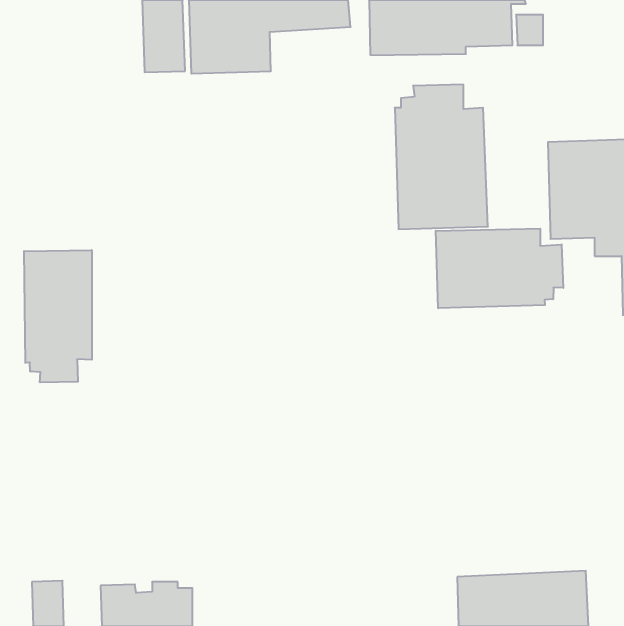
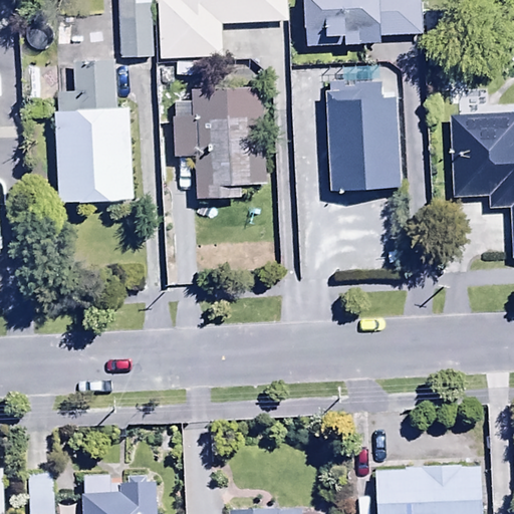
building: none -> [57,61,131,200]
building: none -> [175,86,268,197]
building: [436,229,563,308] -> none
building: [24,250,92,382] -> none

